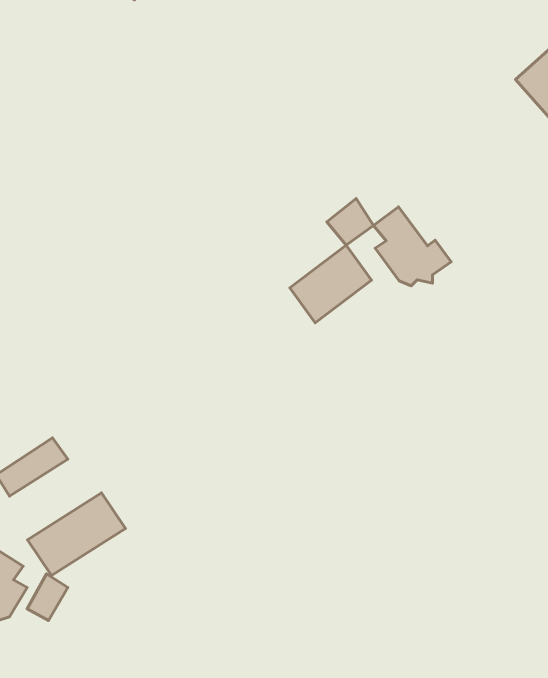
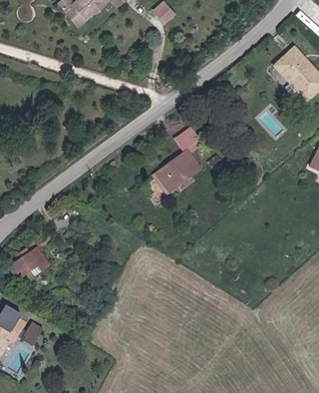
building: [374,207,451,286] -> none
building: [27,493,126,575] -> none

